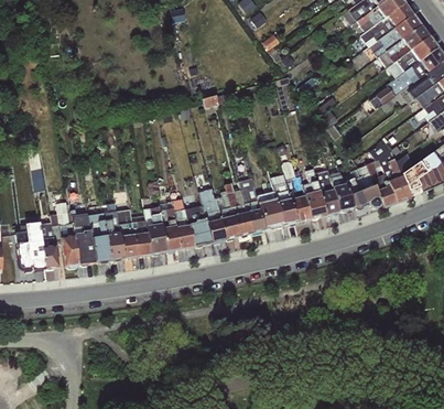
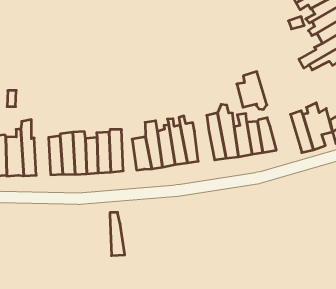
building: [345,164,382,207] -> [237,72,267,109]
building: [258,193,284,229] -> none
building: [173,198,195,249] -> [110,212,125,256]
building: [71,209,96,265] -> none

